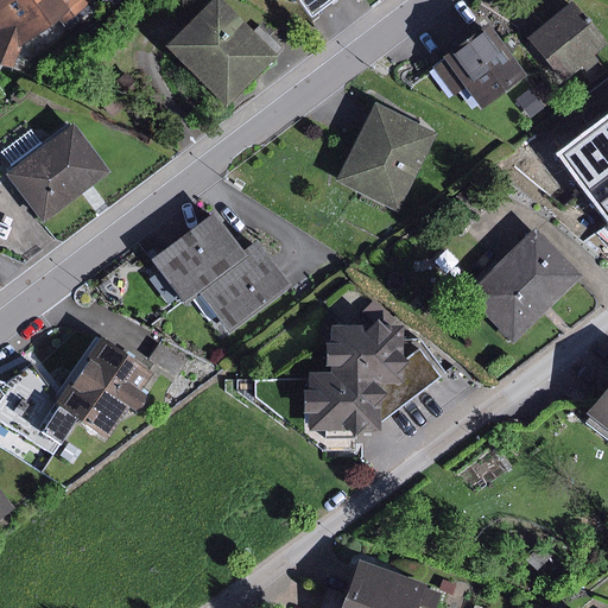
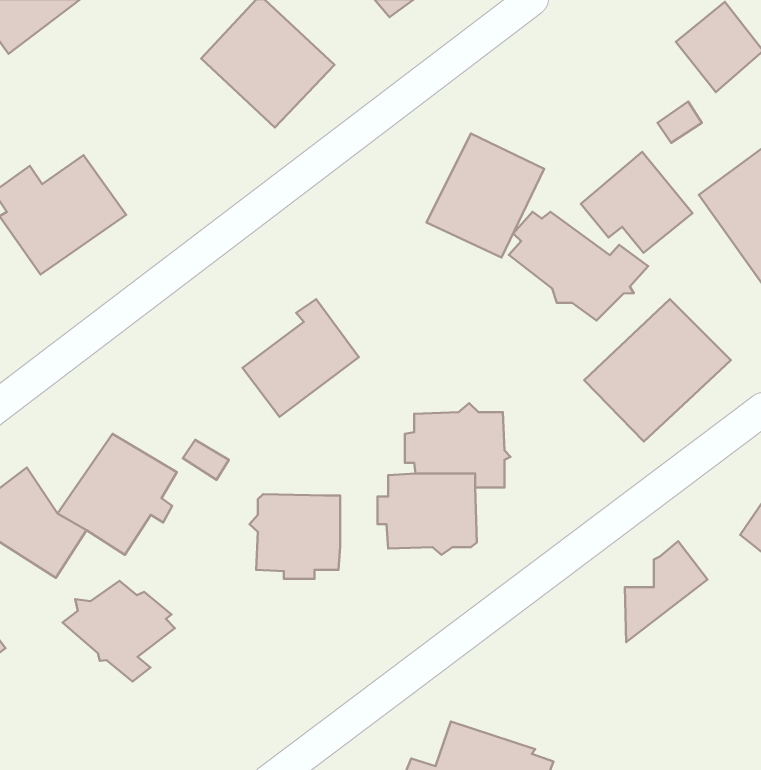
building: [435,26,521,104] -> [581,152,693,253]
building: none -> [509,212,648,321]
building: [151,210,246,300] -> none
building: [379,347,443,425] -> [625,541,707,642]
building: none -> [249,494,340,579]
building: none -> [63,581,175,682]

